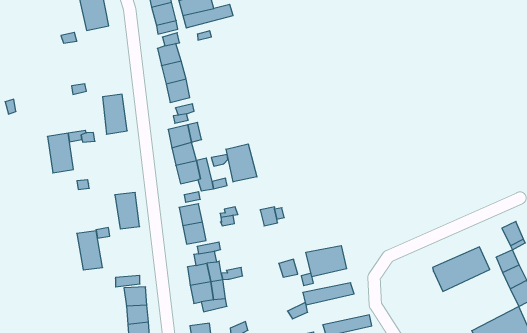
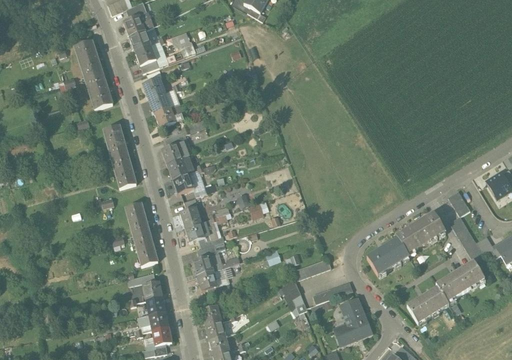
building: none -> [83,67,113,107]
building: [47,133,73,173] -> [110,153,135,188]
building: [226,144,257,182] -> none
building: [77,231,103,270] -> [131,232,156,266]
building: [306,246,347,277] -> none
building: none -> [366,240,408,277]

